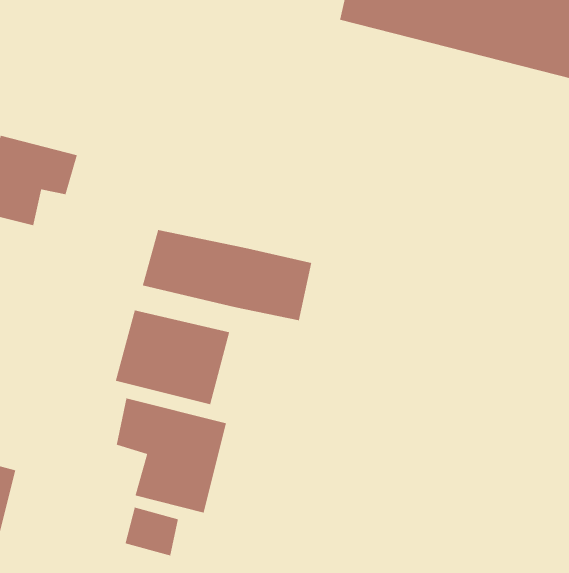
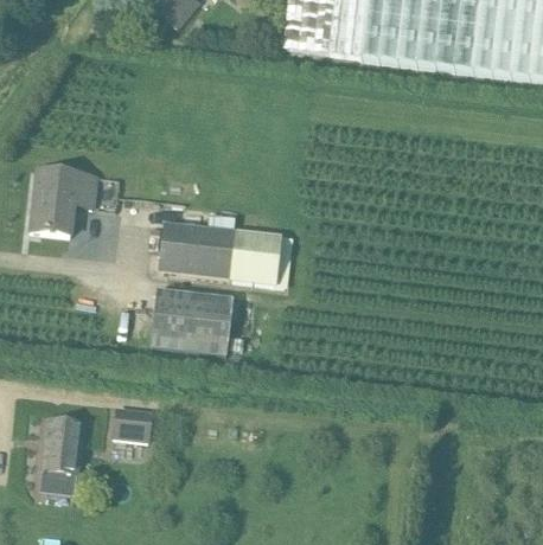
building: [116,398,227,513] -> none
building: [124,507,179,556] -> [111,408,151,442]

